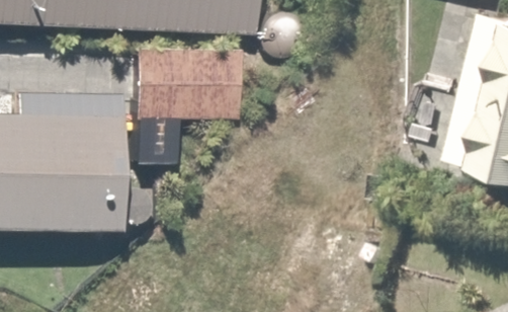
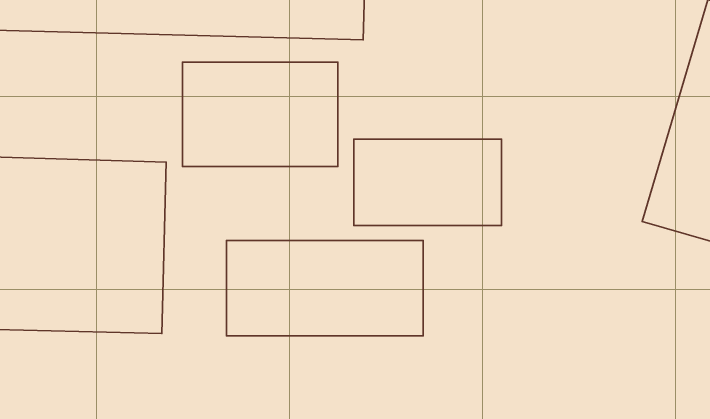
building: none -> [354,139,502,226]
building: none -> [226,240,423,336]

